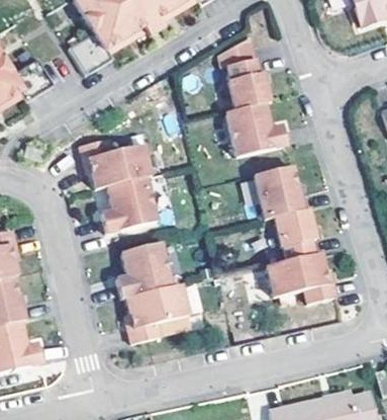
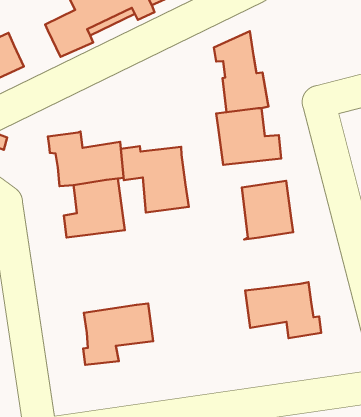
building: none -> [121,146,189,212]
building: [274,208,316,260] -> none
building: [116,242,172,297] -> none

